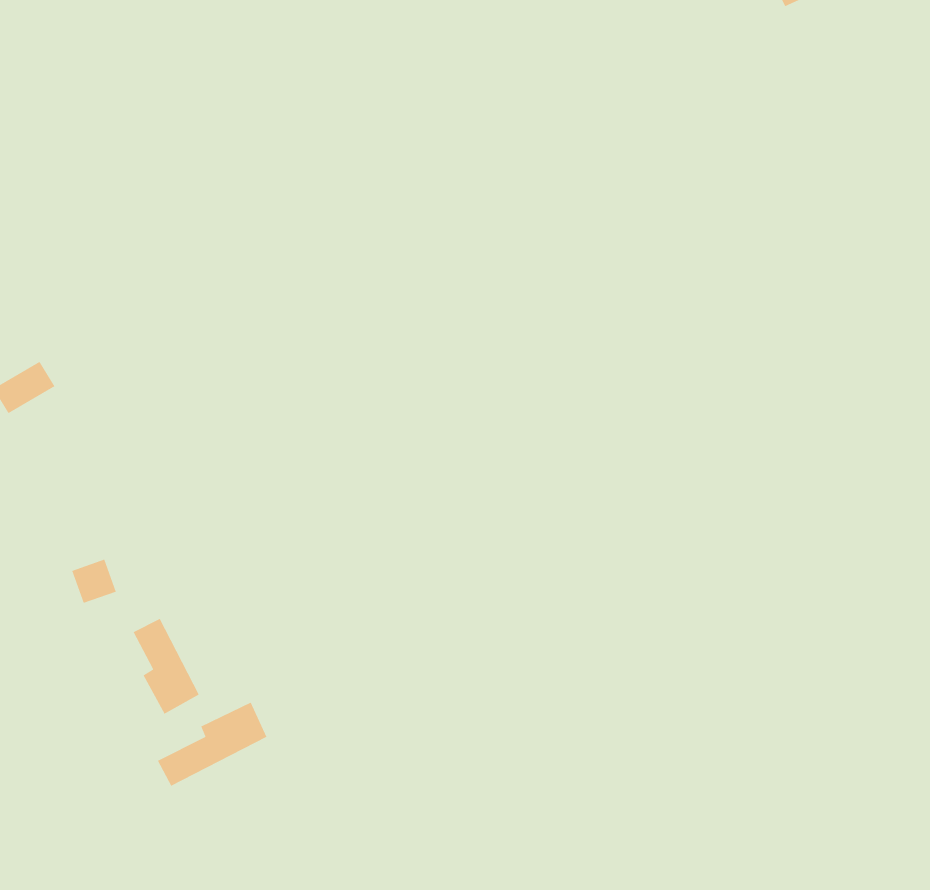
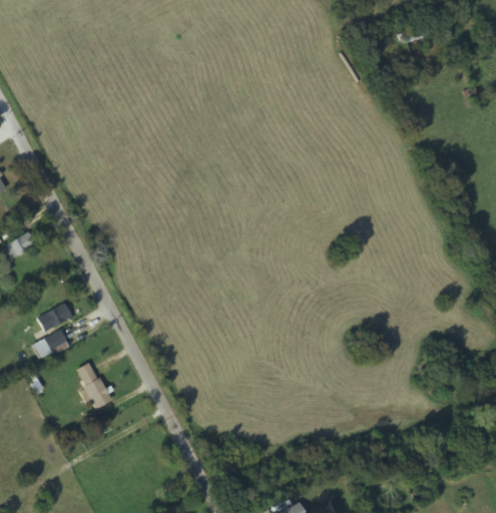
building: none -> [36,303,72,332]
building: [157,701,267,787] -> none

